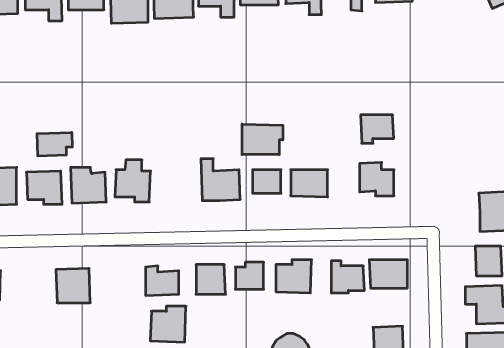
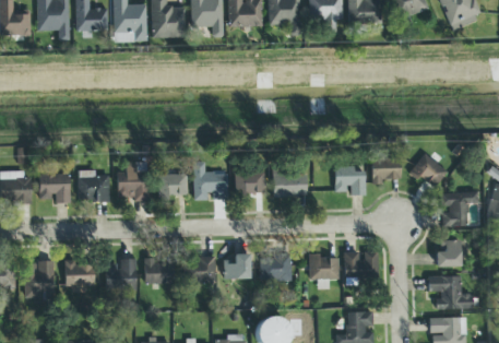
building: [361,115,394,143] -> [371,157,401,182]
building: [242,124,283,155] -> none
building: [37,132,72,156] -> none
building: none -> [411,153,448,188]
building: none -> [158,173,188,199]
building: none -> [27,260,55,303]
building: [150,306,186,342] -> [105,258,136,289]

